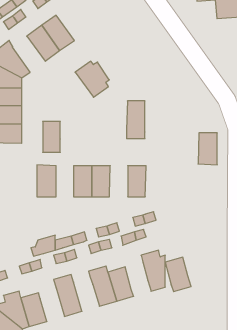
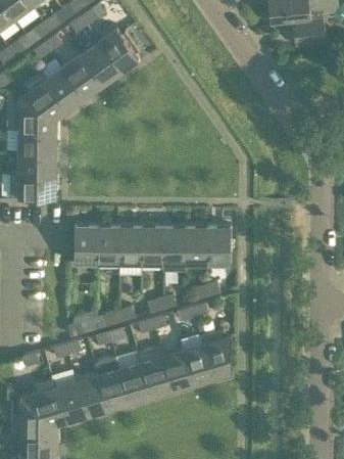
building: none -> [45,67,85,111]
building: [75,61,109,97] -> [98,29,140,73]
building: [127,101,145,139] -> [163,226,186,272]
building: [43,121,60,152] -> [98,226,119,264]
building: [198,133,217,165] -> [207,226,231,265]
building: [165,257,191,292] -> [183,343,214,385]
building: none -> [119,362,151,404]
building: none -> [77,375,108,416]

